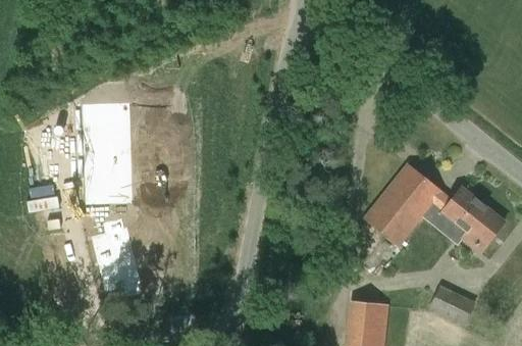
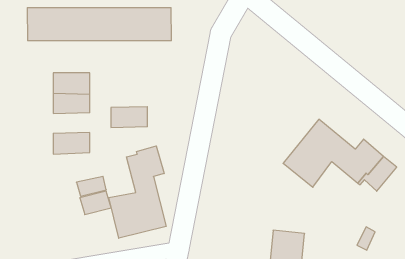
building: none -> [27,8,171,41]
building: [81,155,125,181] -> [111,107,147,127]
building: none -> [109,146,166,238]
building: [429,285,465,318] -> none

